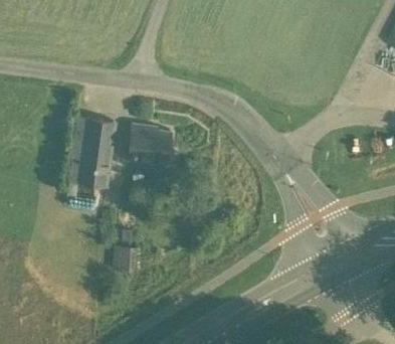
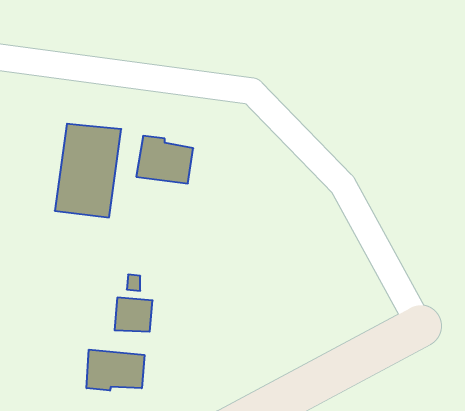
building: none -> [87,350,144,391]

